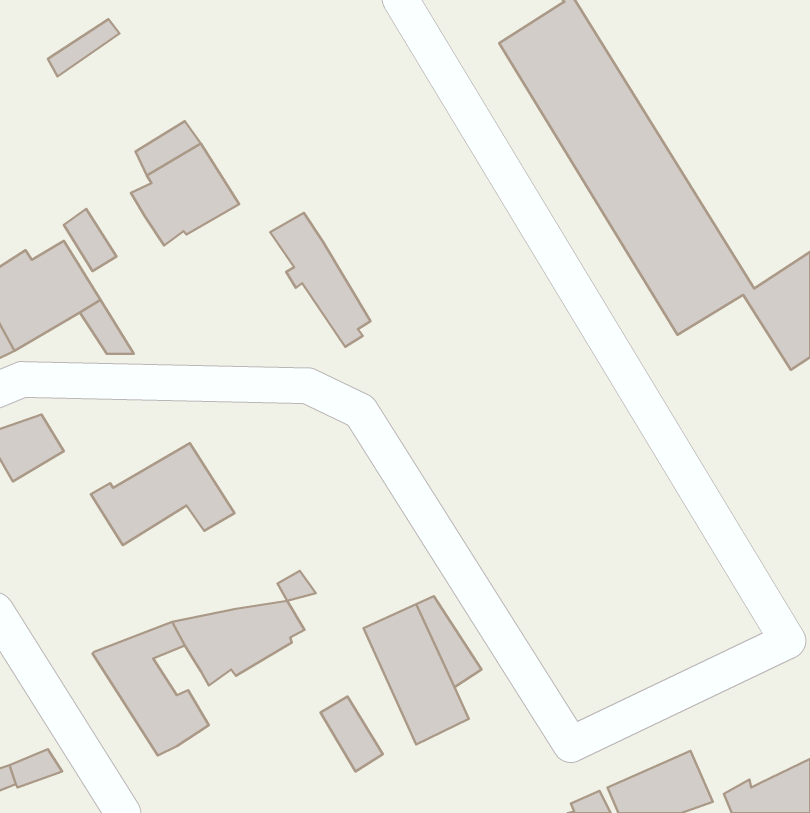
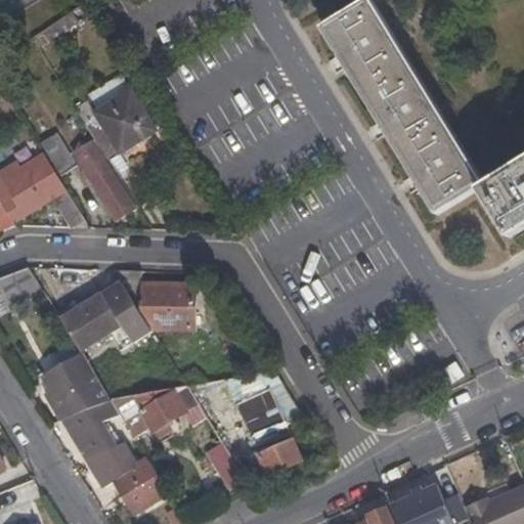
building: [270,213,371,347] -> [72,139,136,225]
building: none -> [115,272,191,330]
building: none -> [42,353,111,419]
building: none -> [114,458,168,514]

